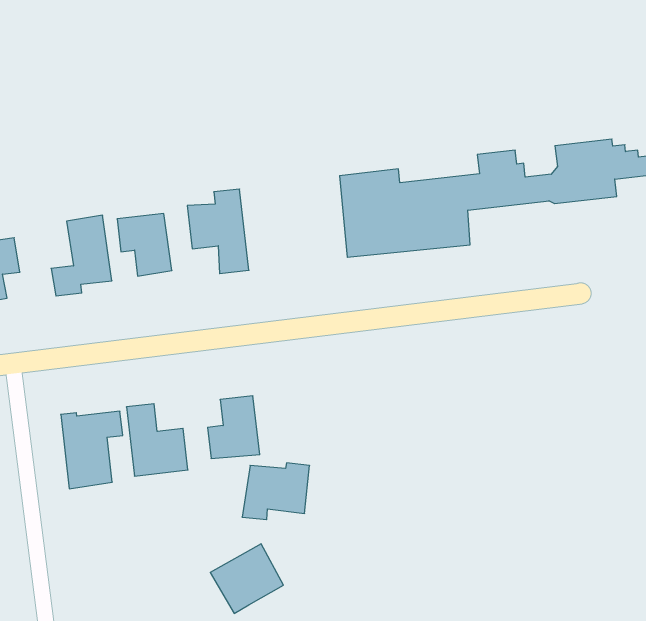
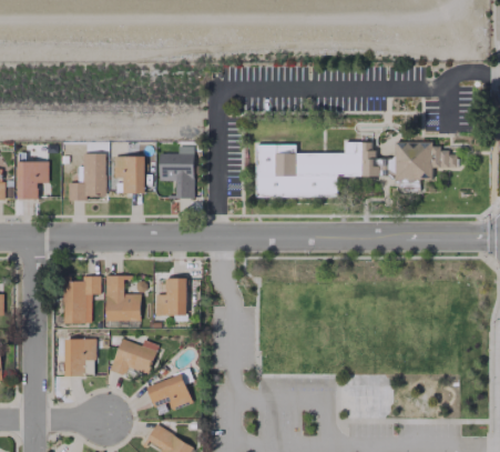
building: [242,463,310,520] -> [111,340,157,375]
building: none -> [64,339,95,376]

